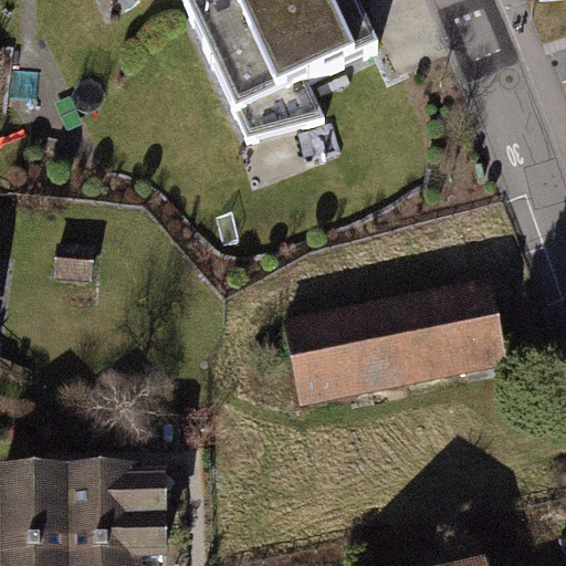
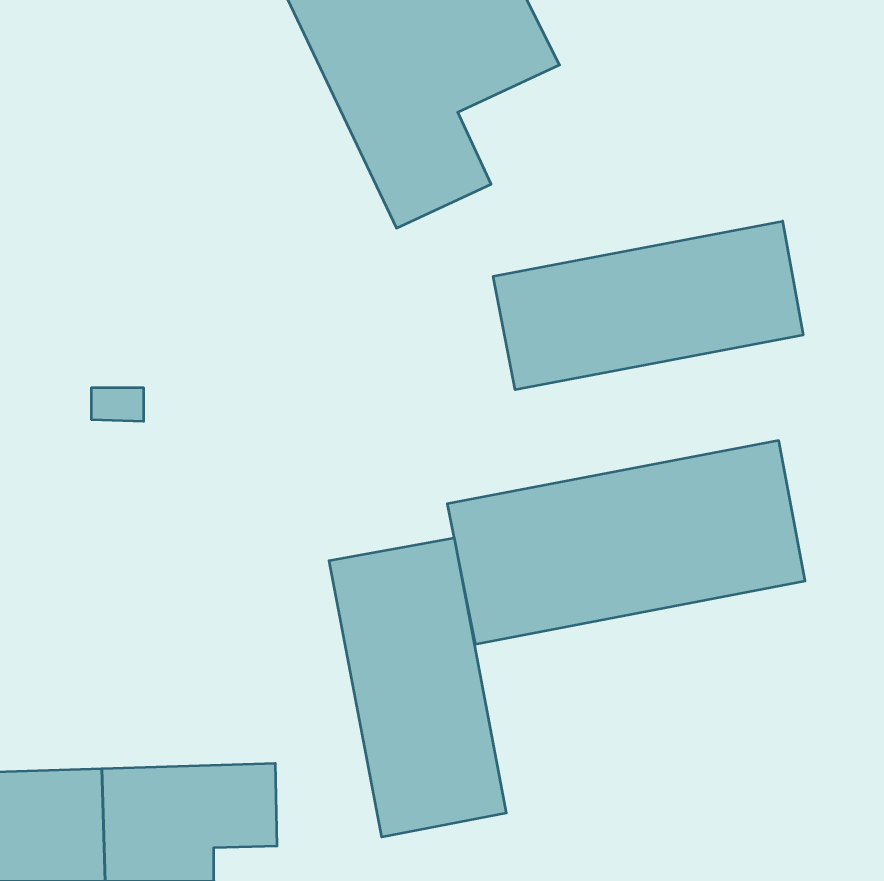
building: none -> [493,221,803,390]
building: none -> [329,538,506,837]

